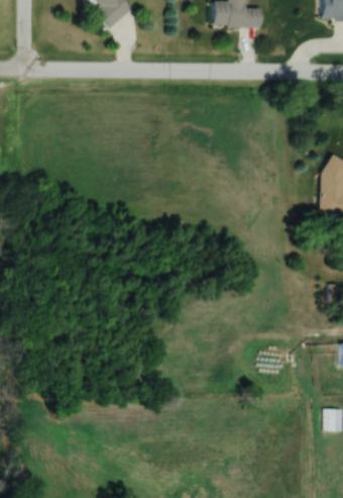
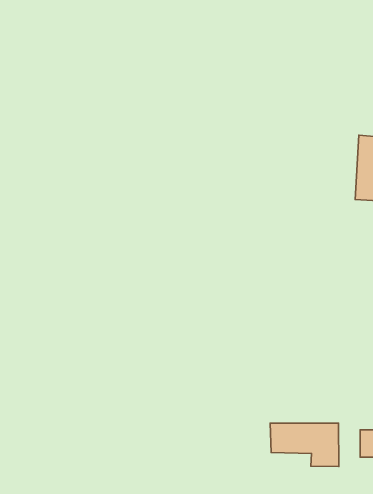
building: none -> [270,423,339,466]

